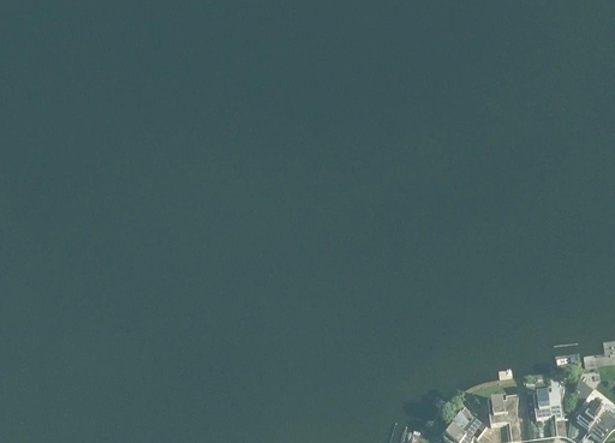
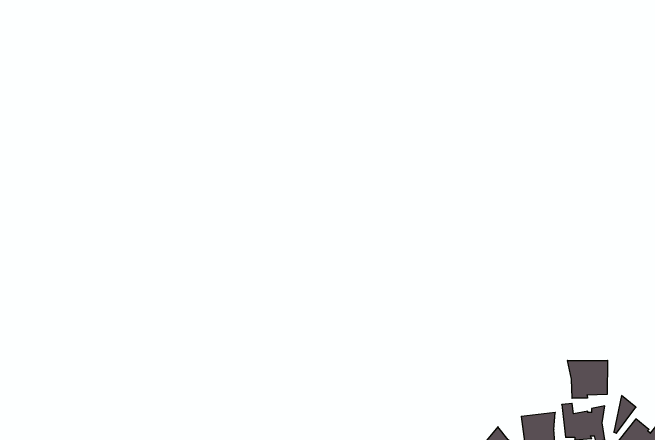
building: none -> [568,360,608,398]

